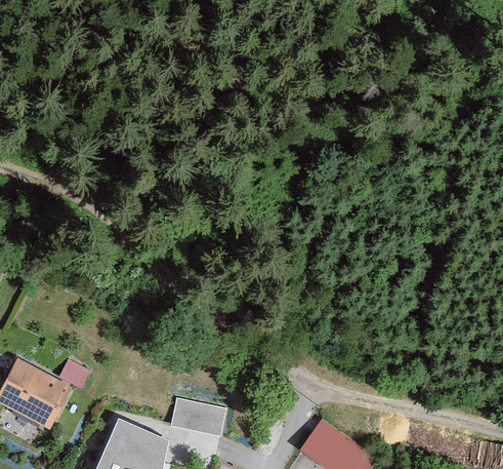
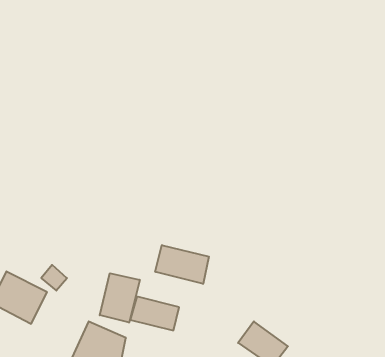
building: none -> [155,245,209,284]
building: none -> [100,273,140,323]

